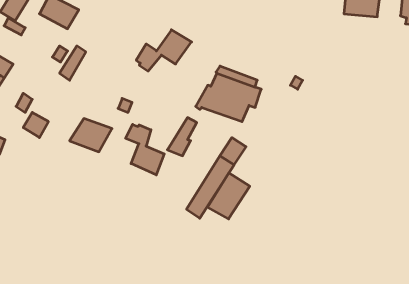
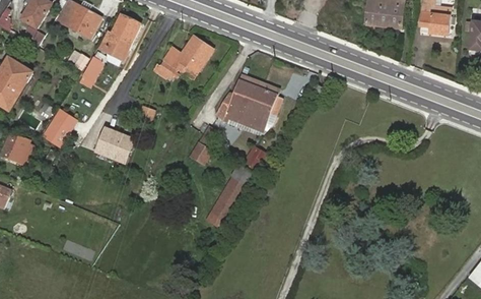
building: none -> [100,15,141,58]
building: [126,124,164,175] -> none
building: [208,173,250,219] -> none

